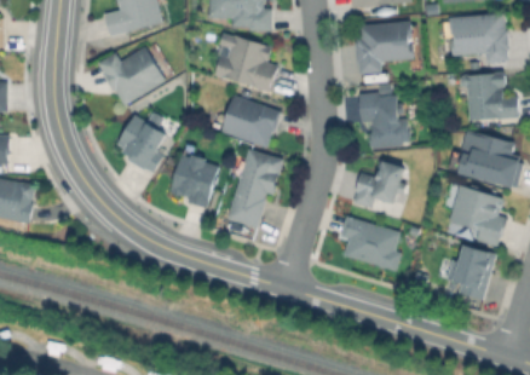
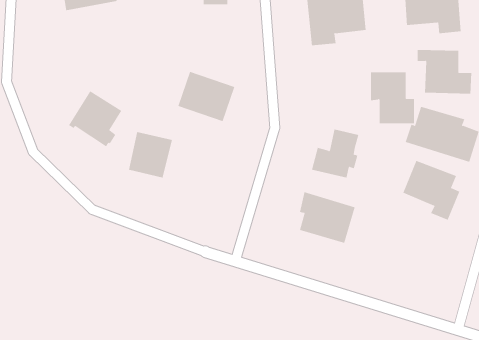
building: [214,35,276,92] -> none
building: [98,47,166,108] -> none
building: [363,96,408,148] -> [370,72,415,124]
building: [224,150,282,232] -> none
building: [448,249,496,300] -> none

